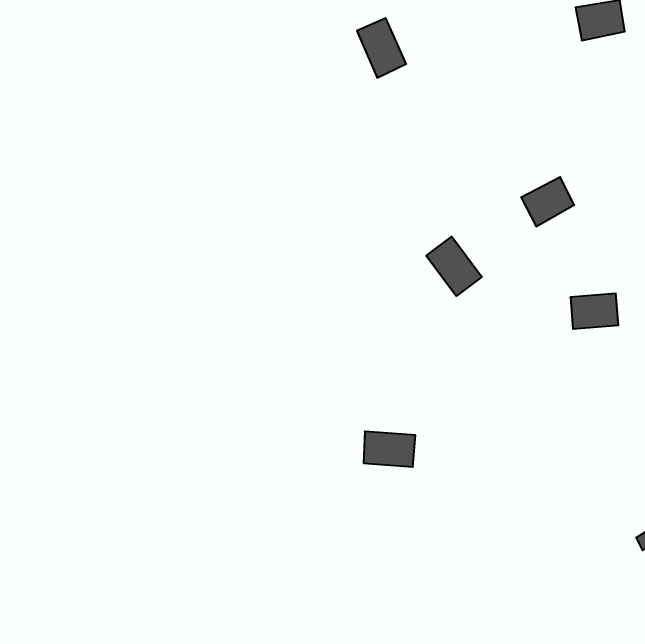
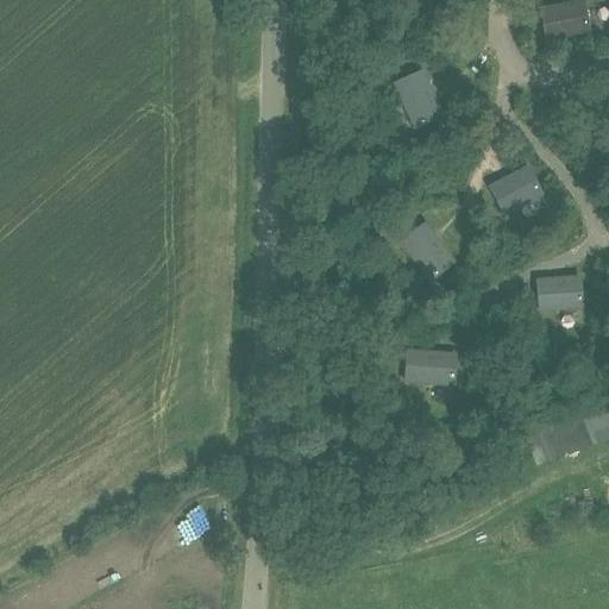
building: [357,18,406,78] -> [396,70,442,126]
building: [364,431,415,467] -> [407,350,456,383]

